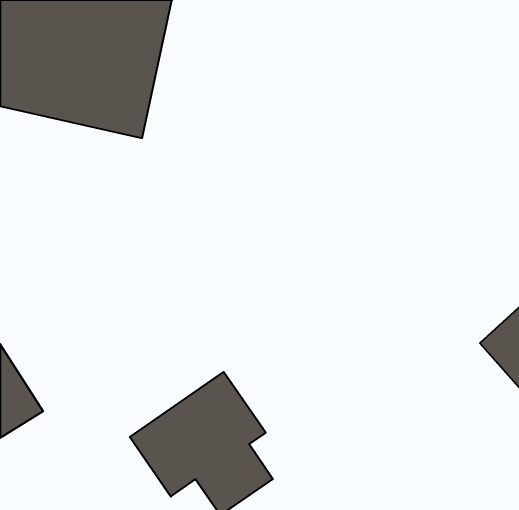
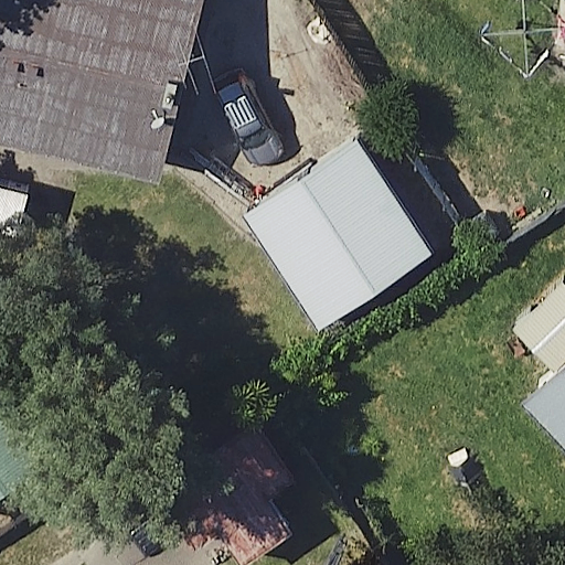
building: none -> [236,130,430,328]

